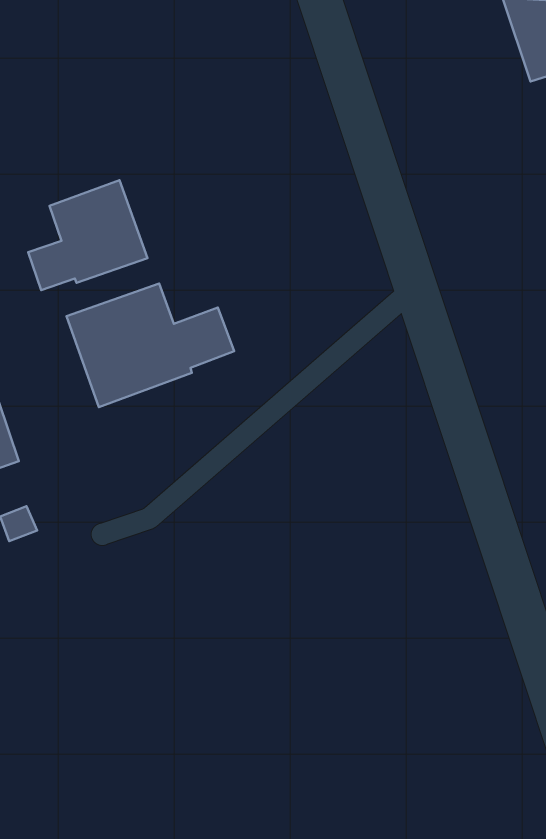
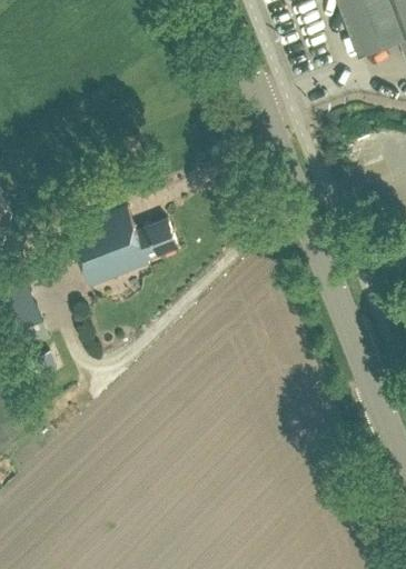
building: [28,180,147,290] -> none

